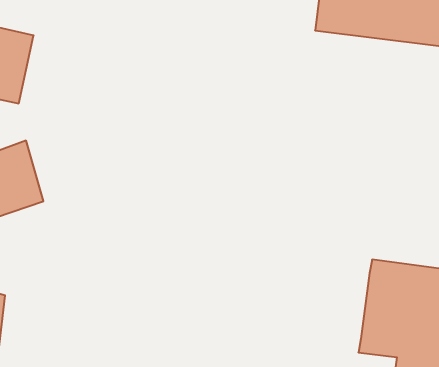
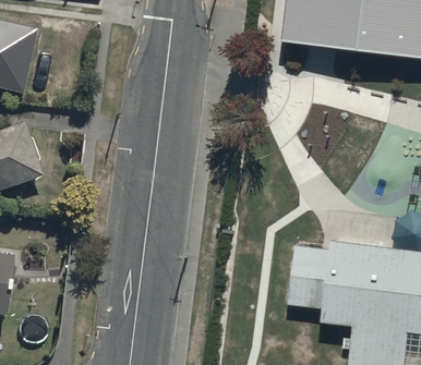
building: none -> [287,245,329,307]

